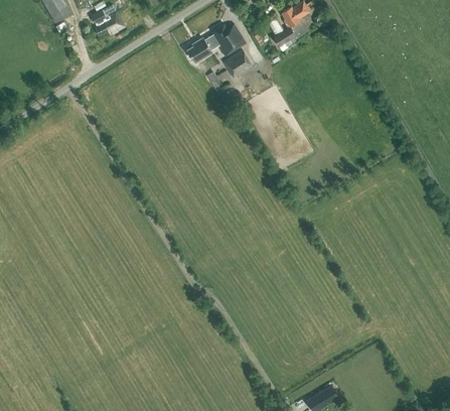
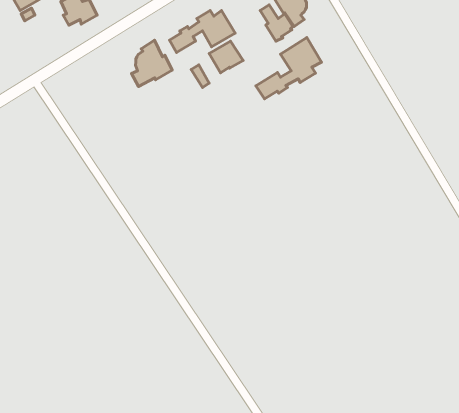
building: none -> [256,37,322,99]
building: none -> [132,40,172,86]

